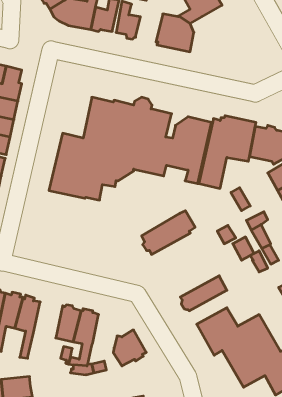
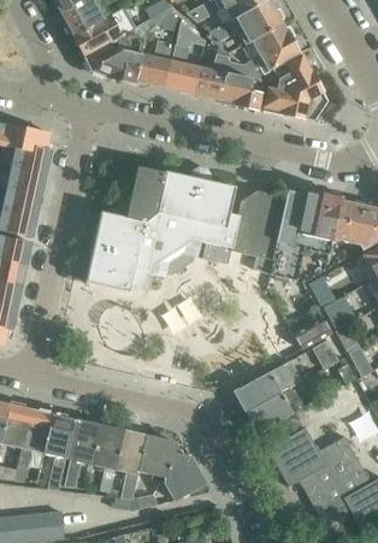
building: none -> [262,52,326,118]
building: none -> [191,57,226,98]
building: [142,211,195,254] -> [235,360,301,414]
building: none -> [64,419,101,489]
building: none -> [138,433,188,477]

